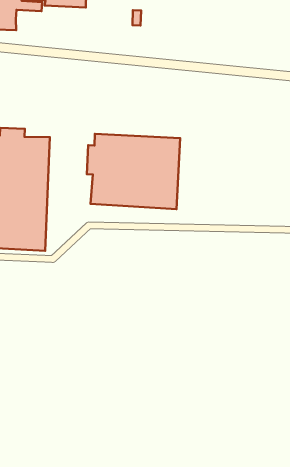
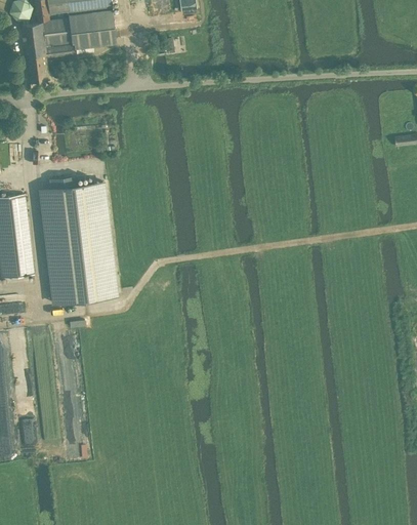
building: [87,134,180,209] -> none

